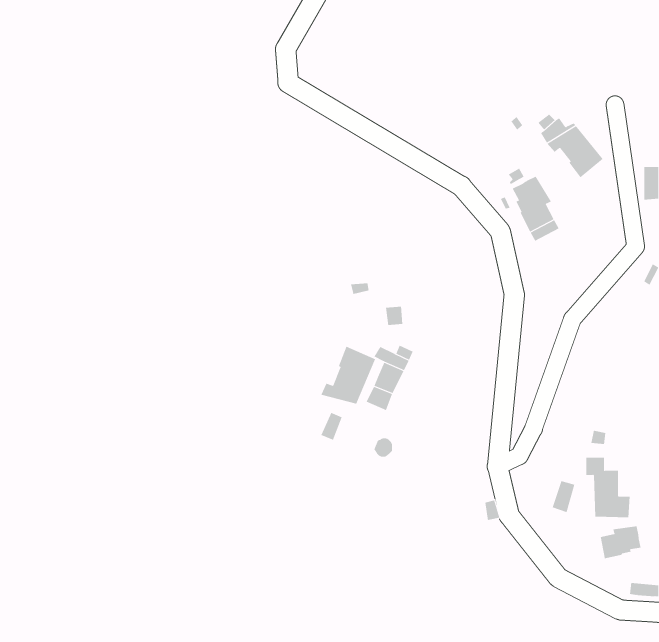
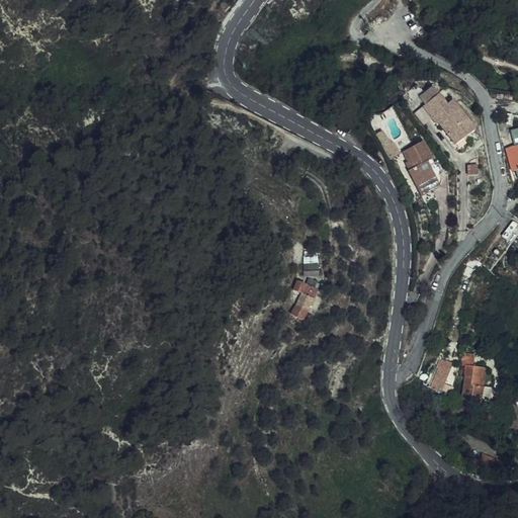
building: [321,346,376,404] -> none
building: [600,526,641,559] -> none

